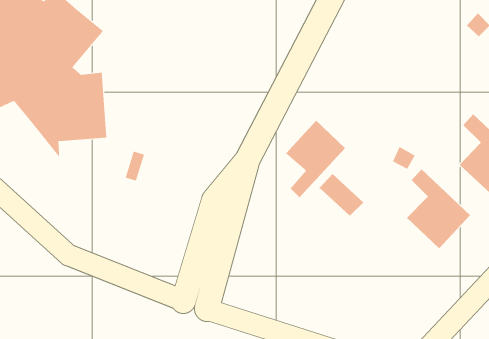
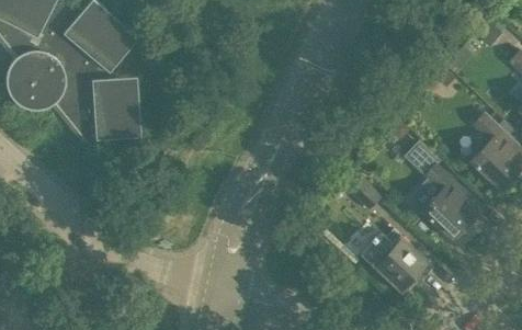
building: [285,120,346,198] -> none
building: none -> [361,230,430,295]

